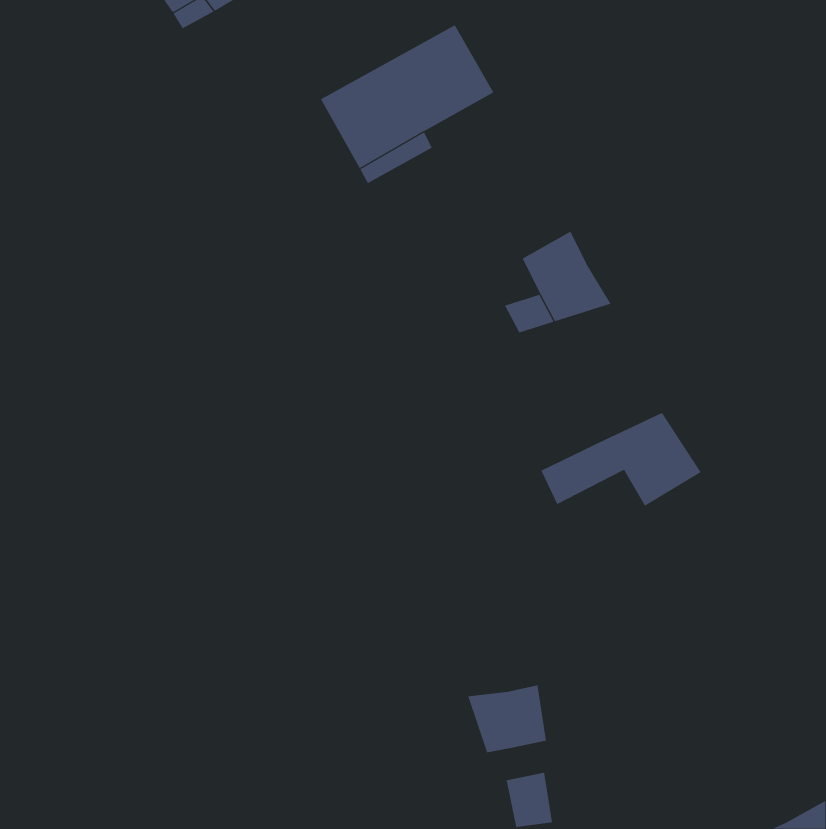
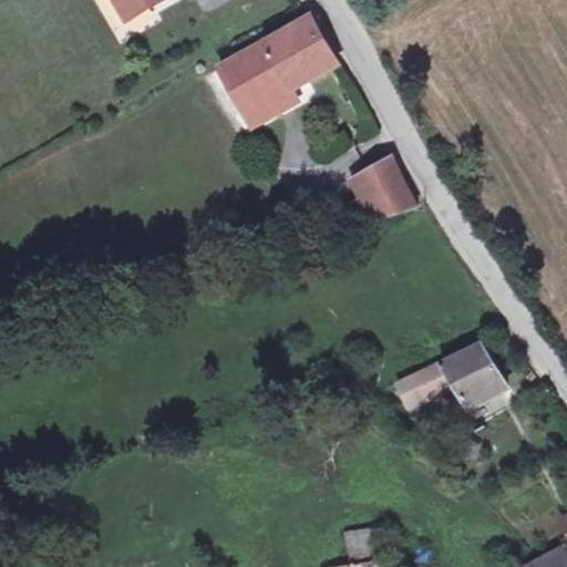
building: [541,412,702,506] -> [395,343,505,408]
building: [467,684,546,753] -> none

